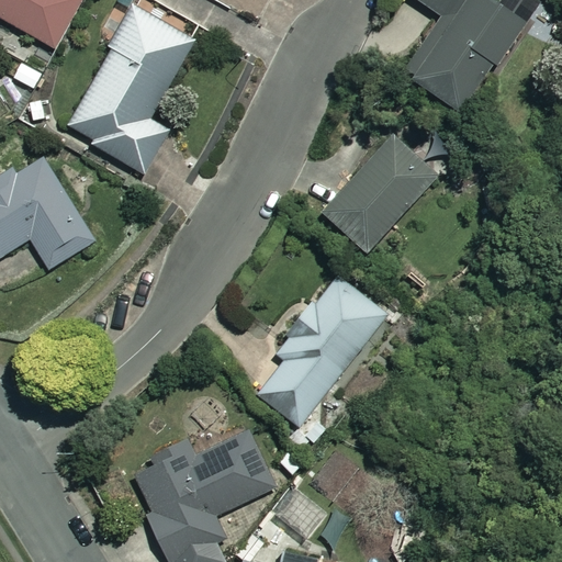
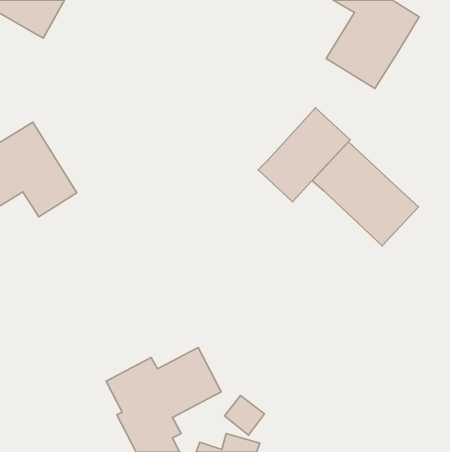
building: [67,8,192,173] -> none
building: none -> [312,142,419,246]
building: [259,276,392,426] -> none

